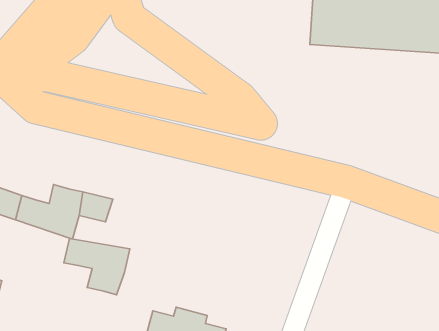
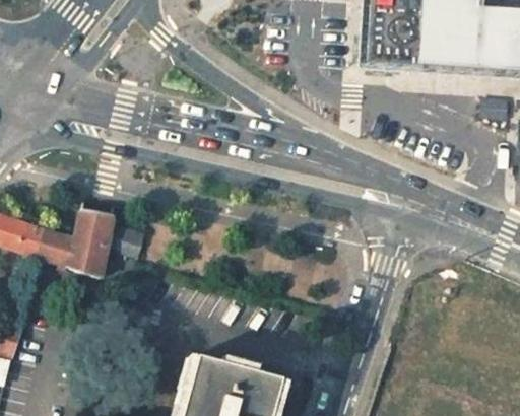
building: [64,239,130,295] -> none

